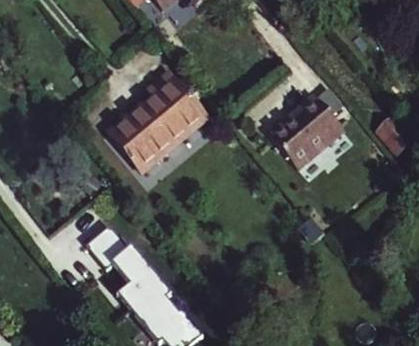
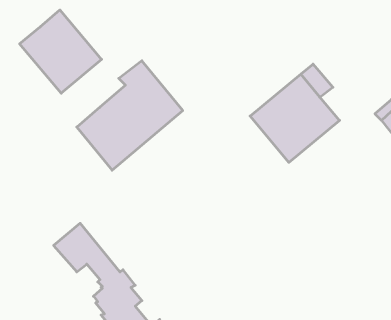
building: none -> [20,10,102,93]

